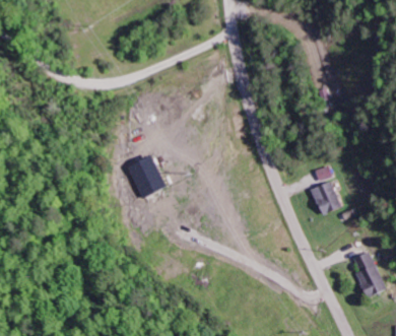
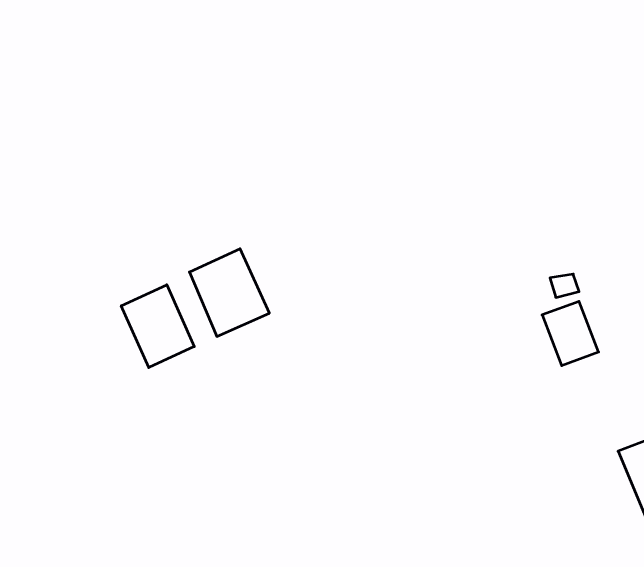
building: none -> [121,285,194,368]

